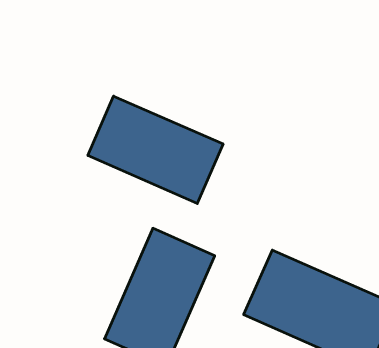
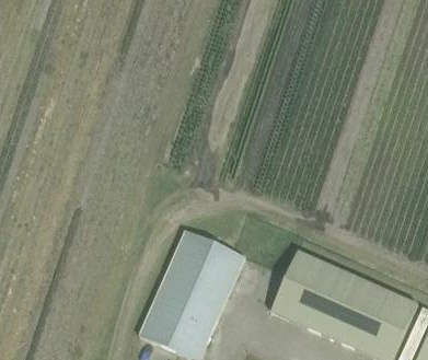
building: [88,96,223,204] -> none

